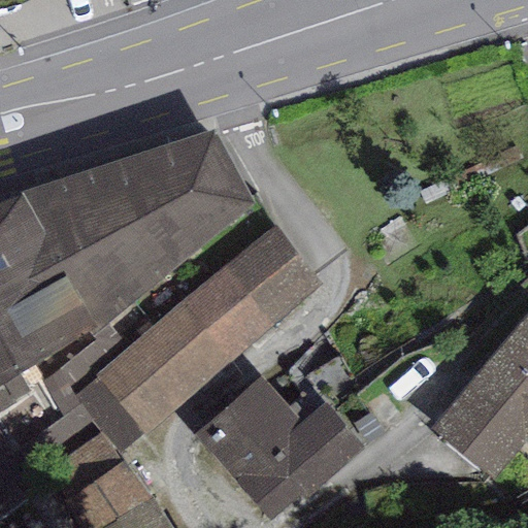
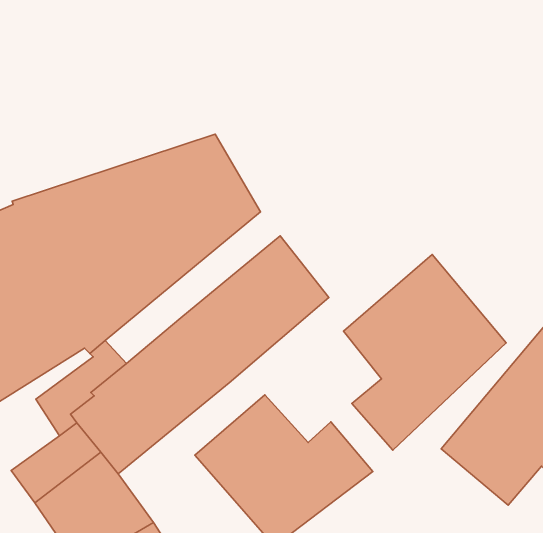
building: none -> [343,254,506,450]

